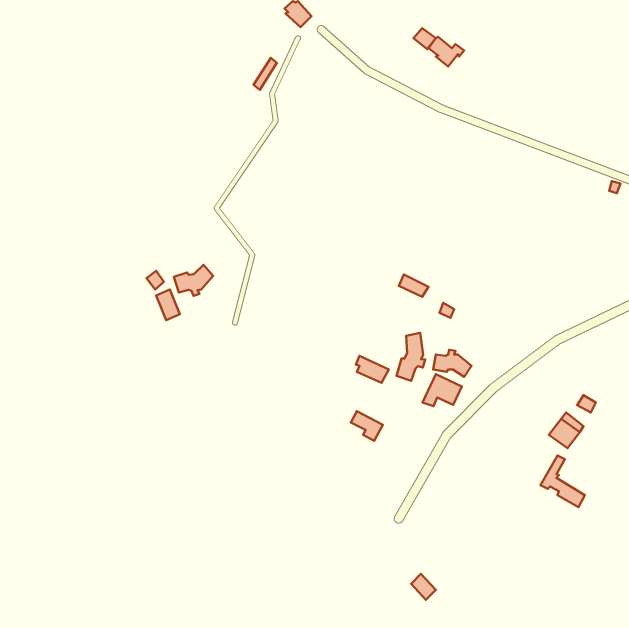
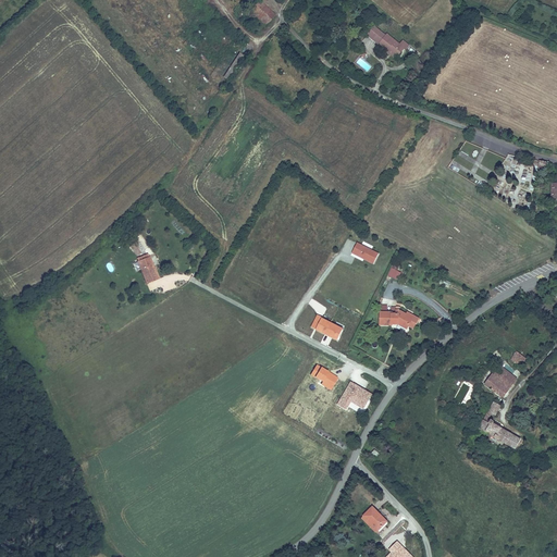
building: [174,265,213,296] -> none
building: [397,333,425,381] -> none
building: [422,374,462,406] -> [337,380,372,408]

